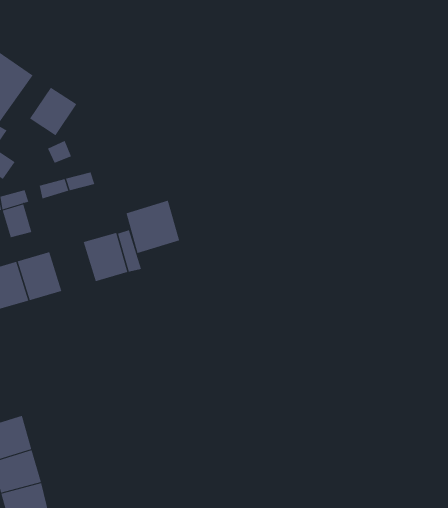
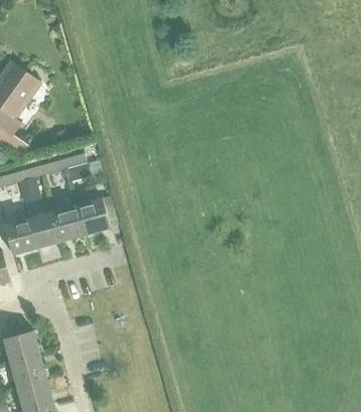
building: [29,87,77,136] -> none
building: [126,200,180,254] -> none
building: none -> [52,204,86,241]

